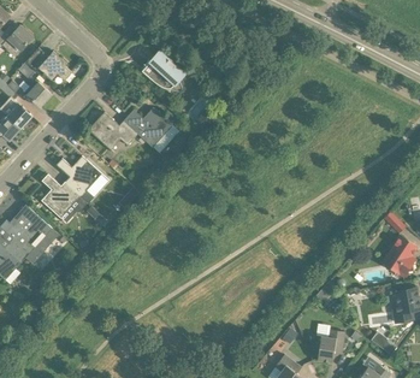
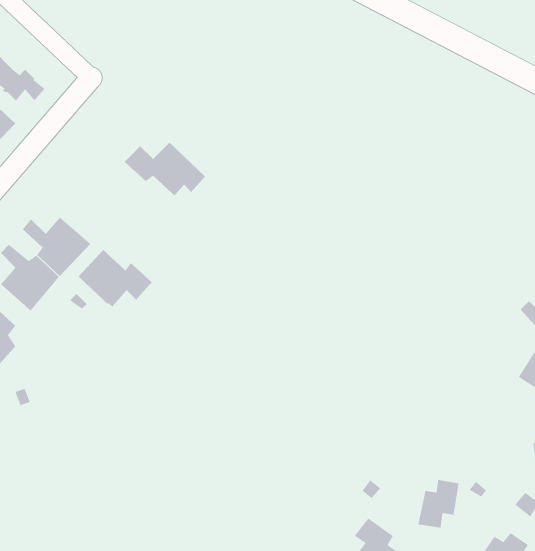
building: [142,51,184,88] -> none
building: [88,111,137,149] -> [78,249,153,308]

